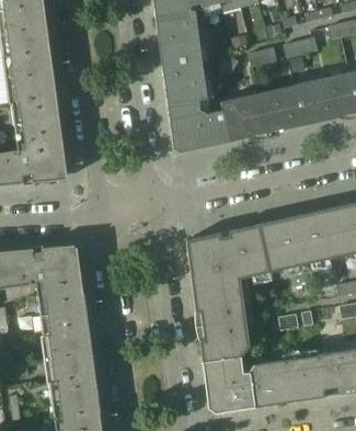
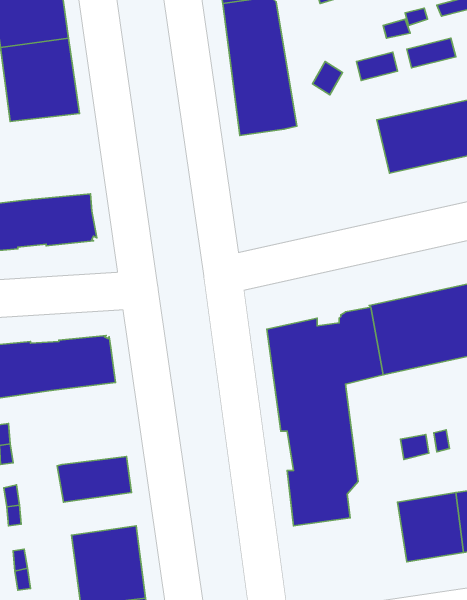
building: [9,90,65,150] -> none
building: [169,94,273,151] -> none
building: [37,277,90,334] -> none
building: [46,354,96,384] -> none
building: [206,361,285,412] -> none

